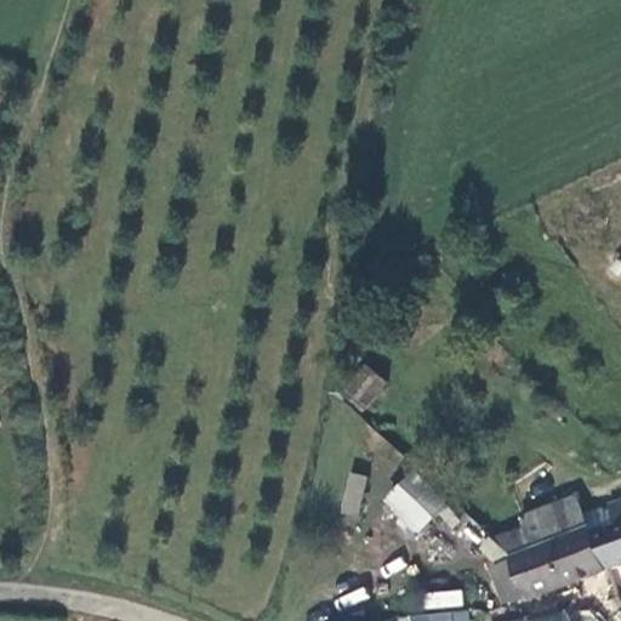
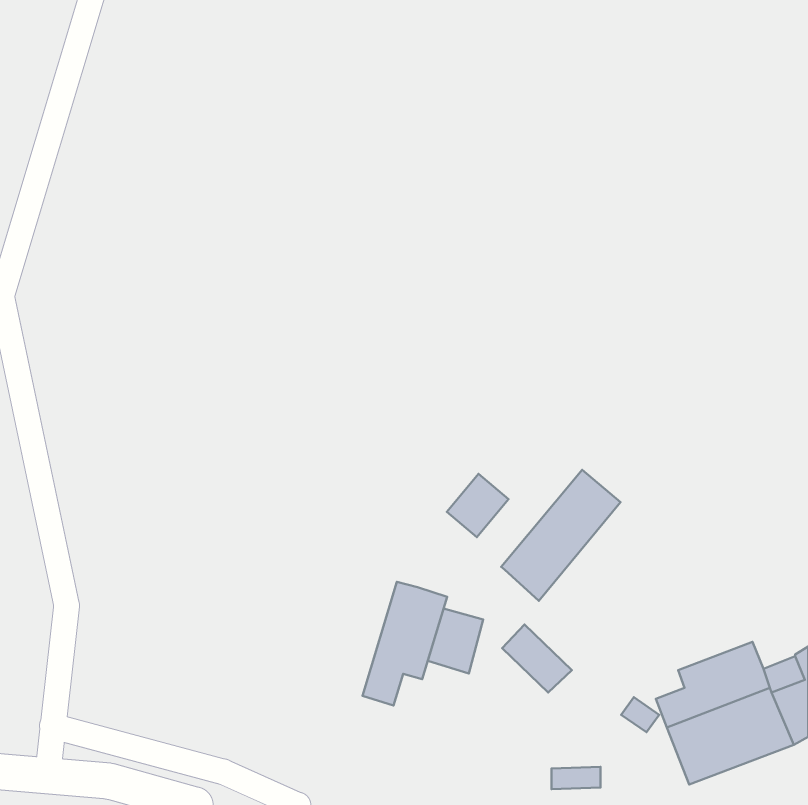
building: none -> [501,470,621,601]
building: none -> [362,582,447,705]

